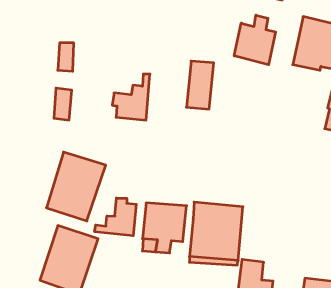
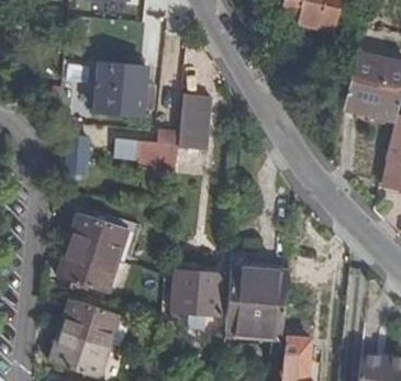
building: [234,15,276,65] -> none
building: none -> [93,63,153,116]
building: [186,61,214,109] -> [178,91,210,147]
building: [95,198,136,236] -> none

